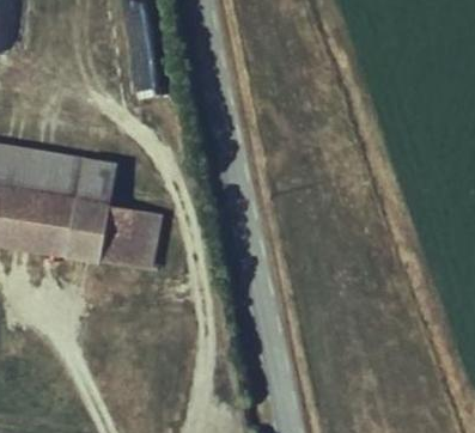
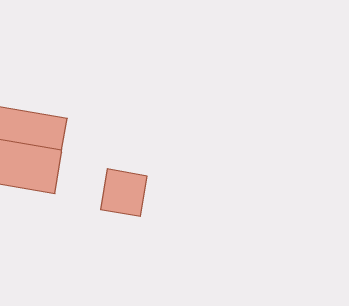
building: [102,208,160,268] -> [101,169,147,216]

